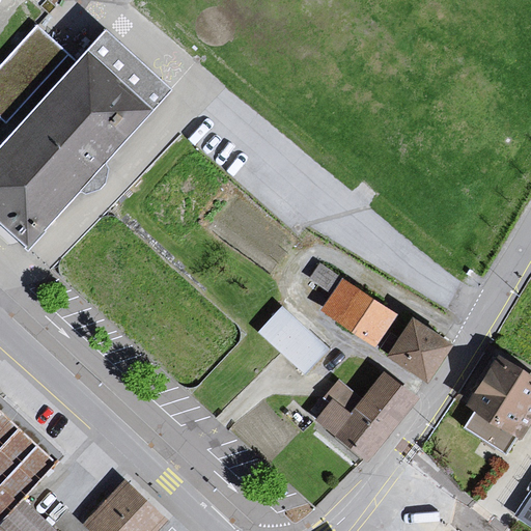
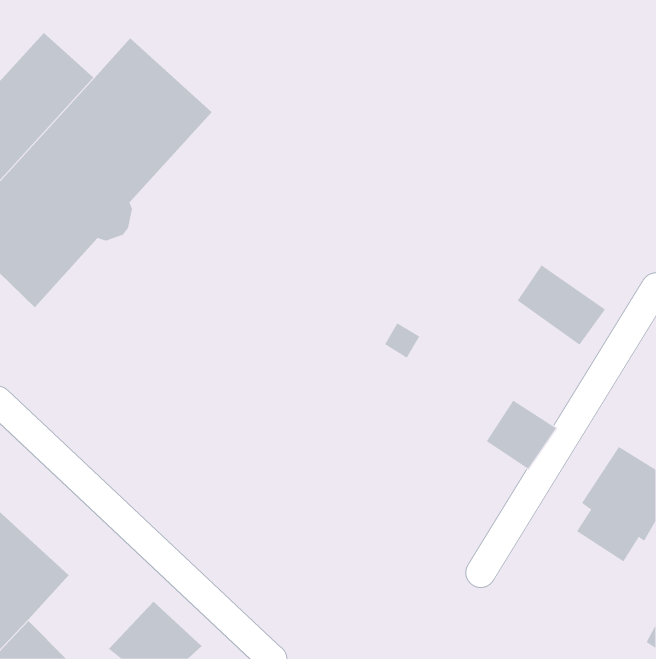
building: [323,279,394,344] -> [517,264,606,346]
building: [257,305,327,373] -> none
building: [314,373,413,457] -> none

